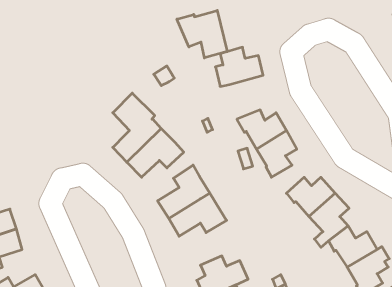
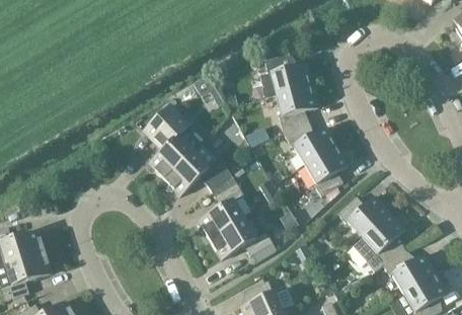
building: [177,10,227,58] -> none
building: none -> [276,85,318,133]

